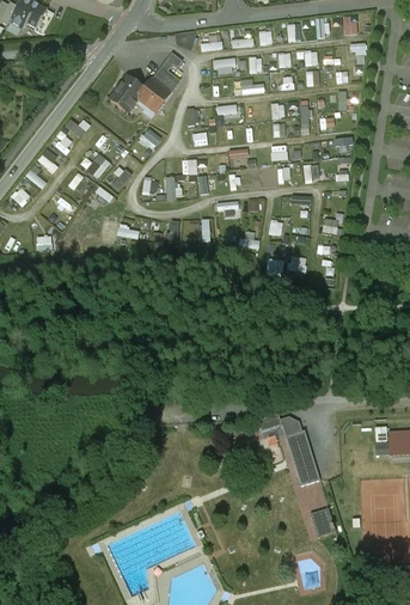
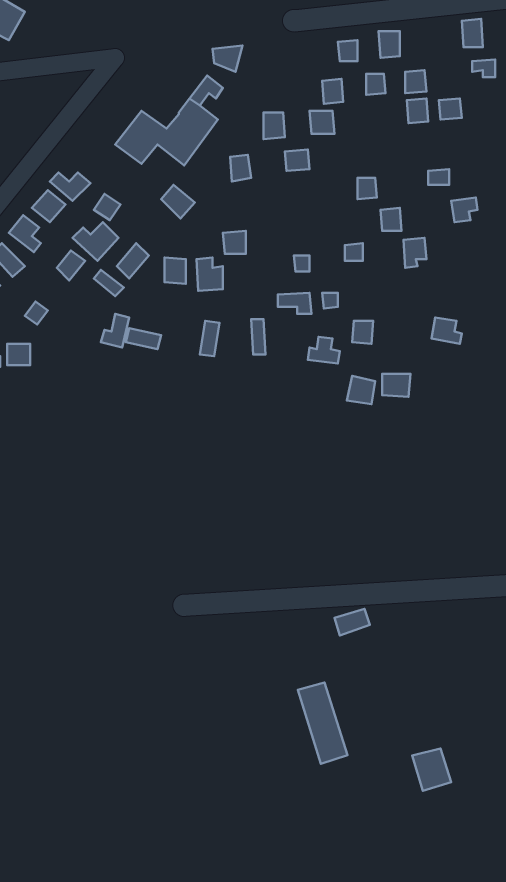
building: [286,432,319,487] -> [298,683,348,764]

